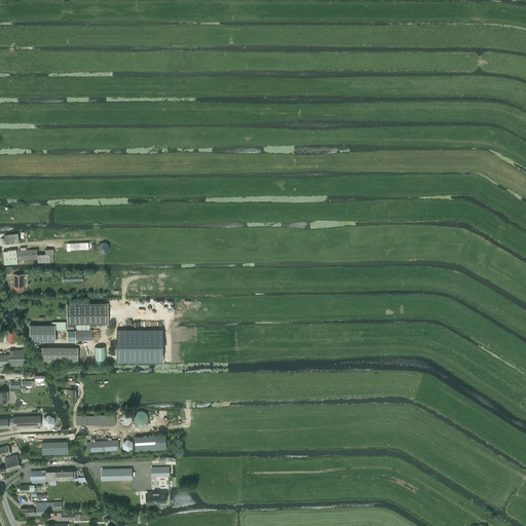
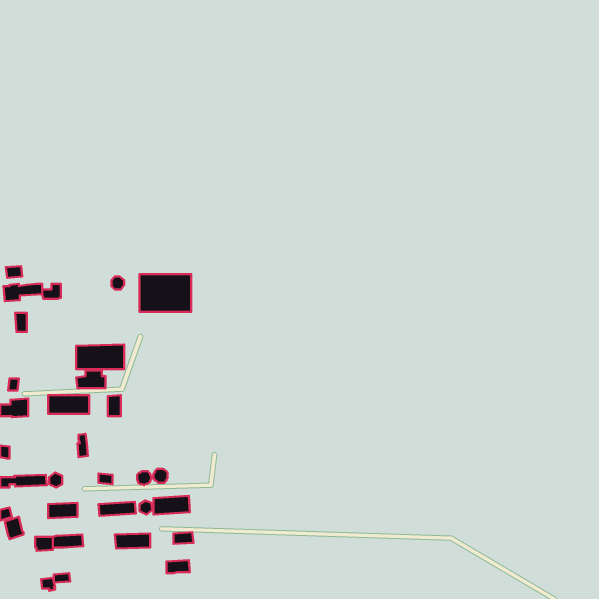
building: [30,324,55,341] -> none
building: [117,329,162,362] -> [139,274,191,312]

